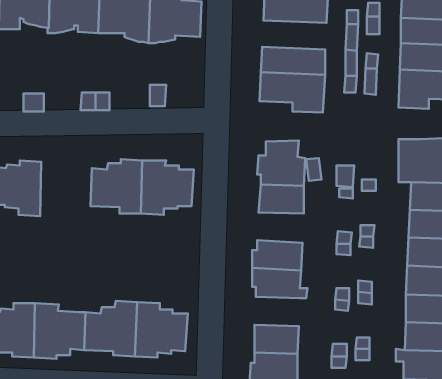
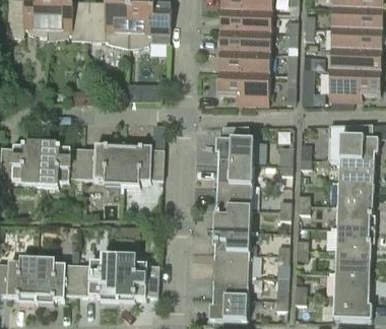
building: none -> [219,29,271,53]
building: none -> [41,143,82,188]
building: none -> [215,184,253,208]
building: none -> [213,252,250,275]

